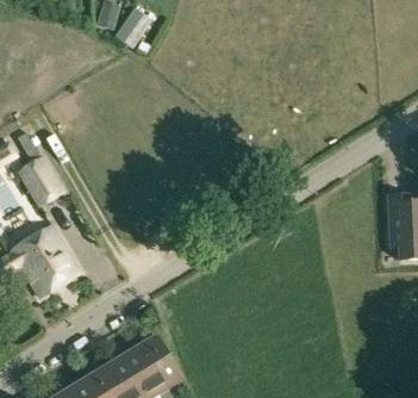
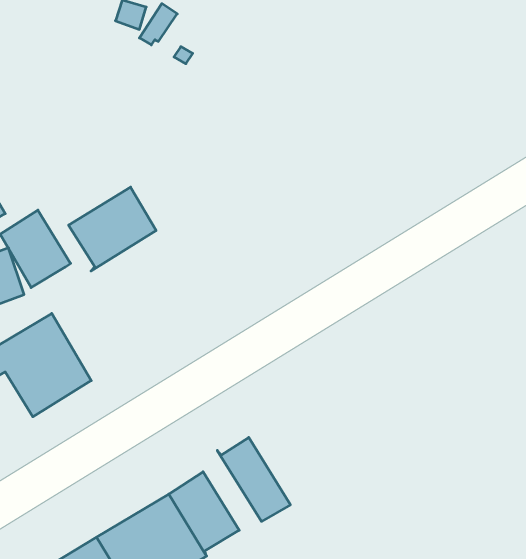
building: none -> [69,187,156,271]
building: none -> [217,437,290,521]

